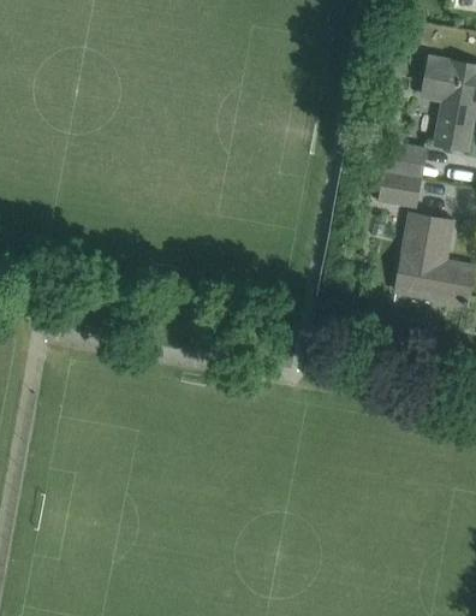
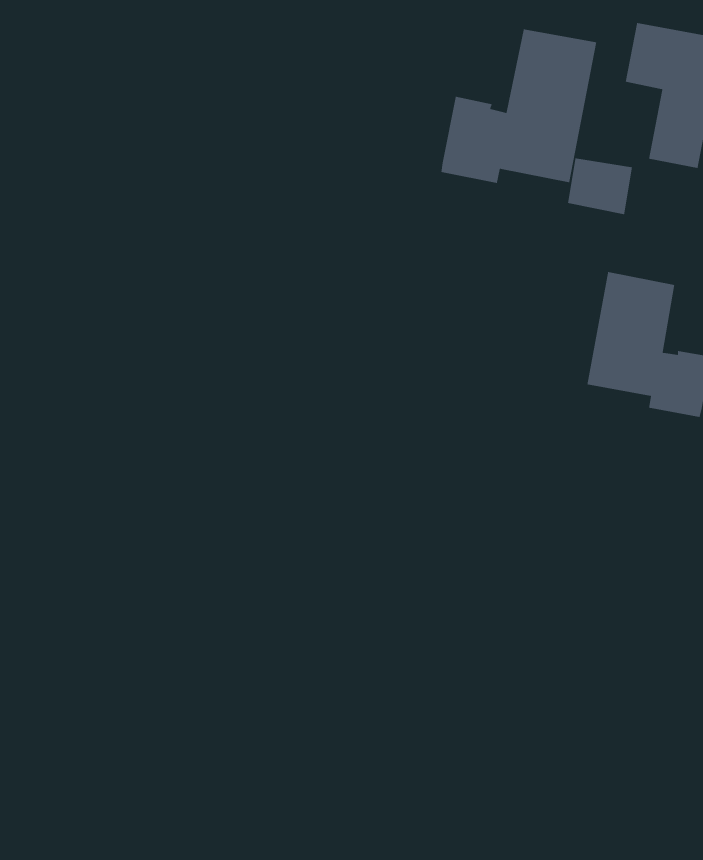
building: none -> [441,28,597,184]
building: [380,171,421,206] -> none

